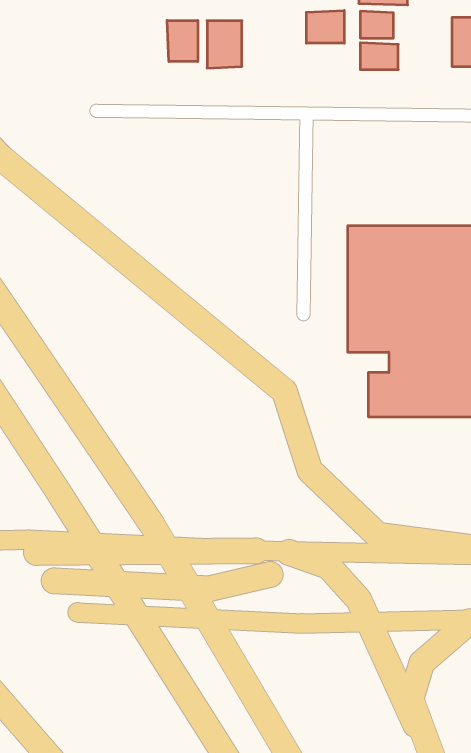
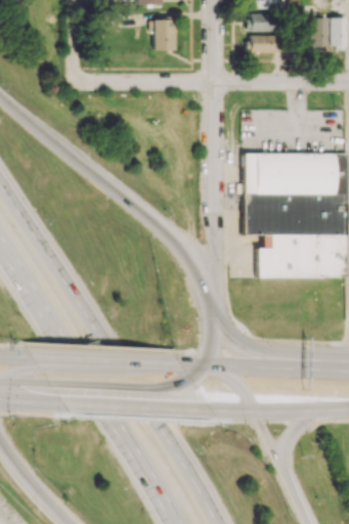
building: [306,10,344,43] -> none
building: [167,20,198,62] -> none

